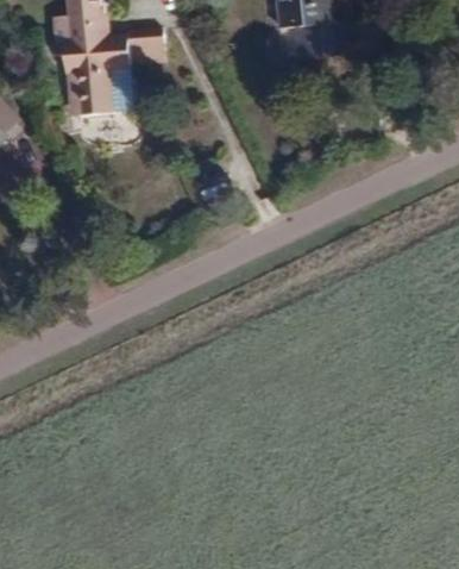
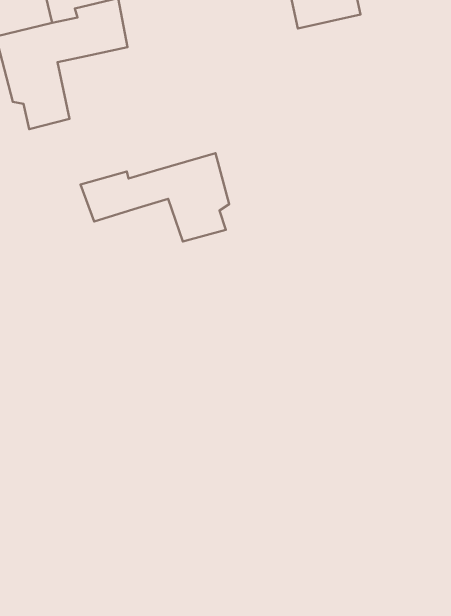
building: none -> [81,153,229,242]

